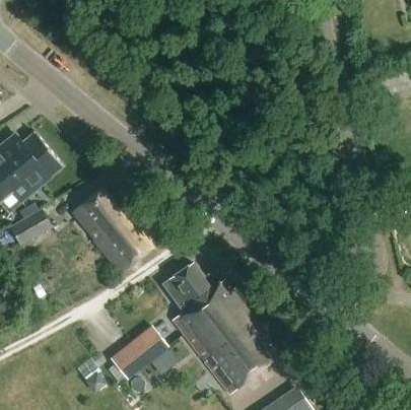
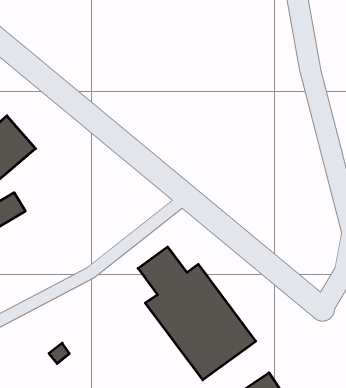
building: [73,188,157,273] -> none
building: [109,325,167,381] -> none

